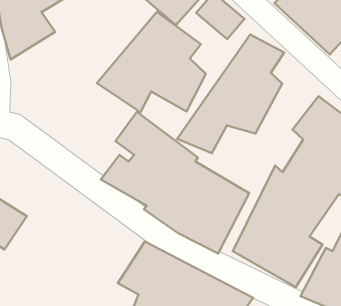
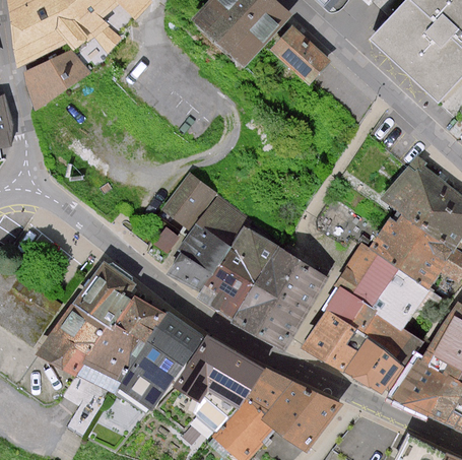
building: [97,12,206,112] -> none
building: [177,35,284,153] -> none
building: none -> [34,264,202,410]

